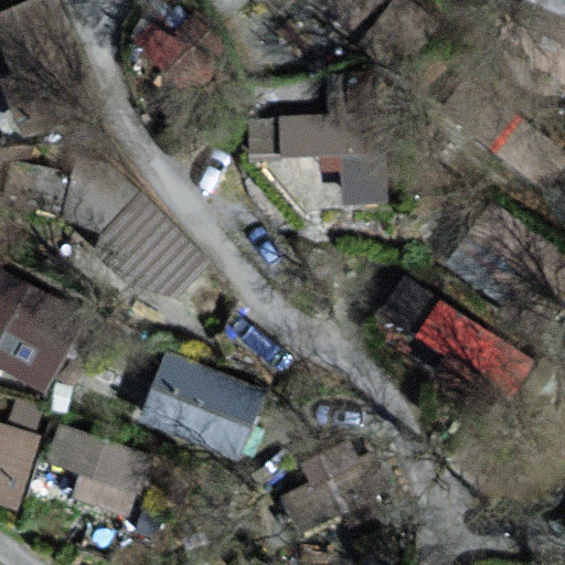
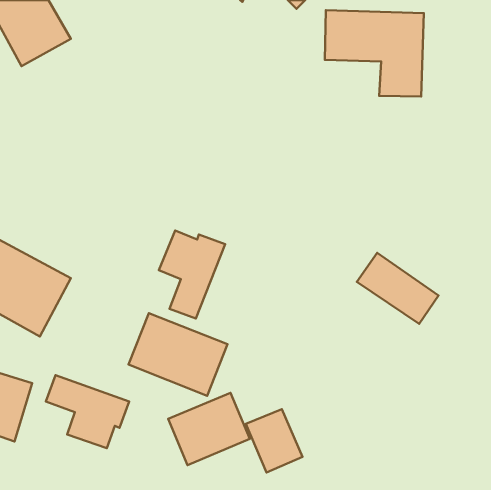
building: [276,99,388,198] -> [325,10,424,97]
building: none -> [159,231,225,319]
building: none -> [168,393,250,465]

